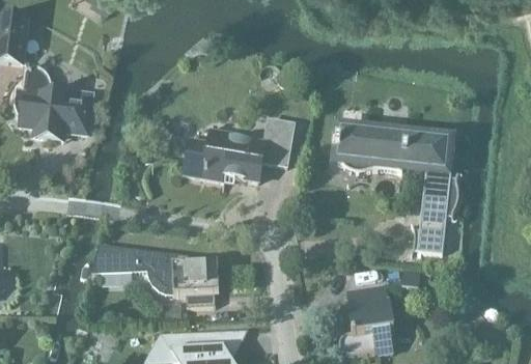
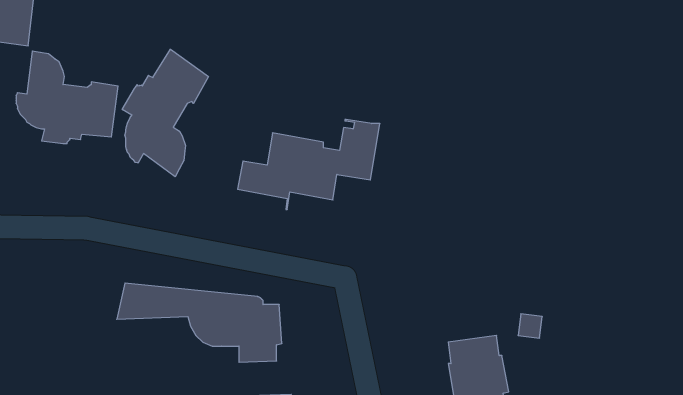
building: none -> [122,49,208,177]
building: [335,124,458,253] -> none

